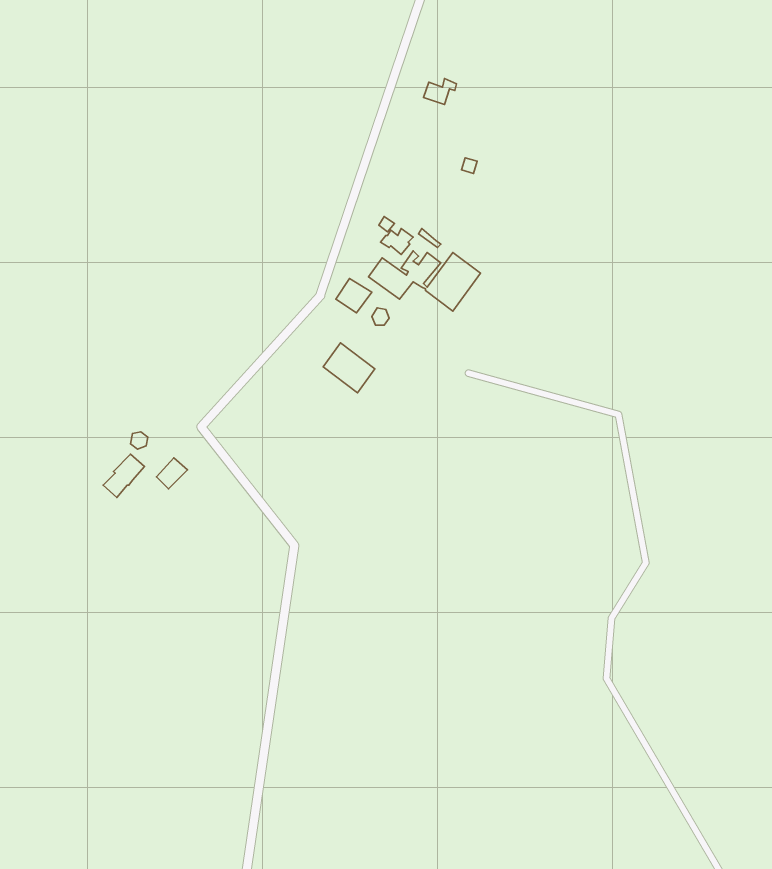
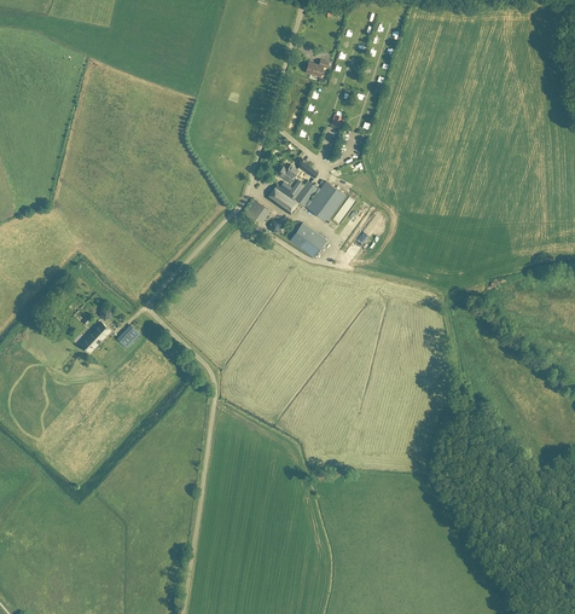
building: [323,343,375,393] -> [290,221,326,256]

